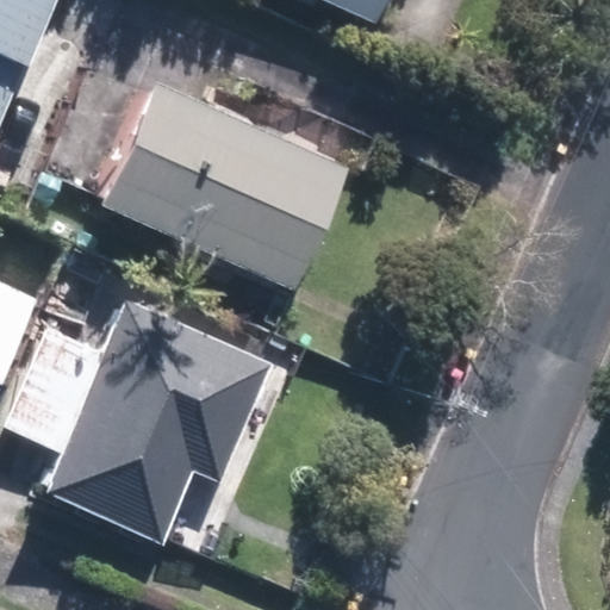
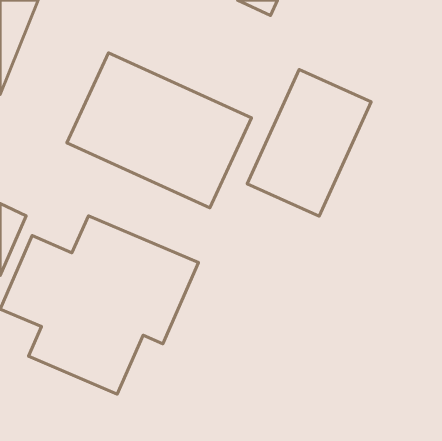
building: none -> [247,70,371,216]

